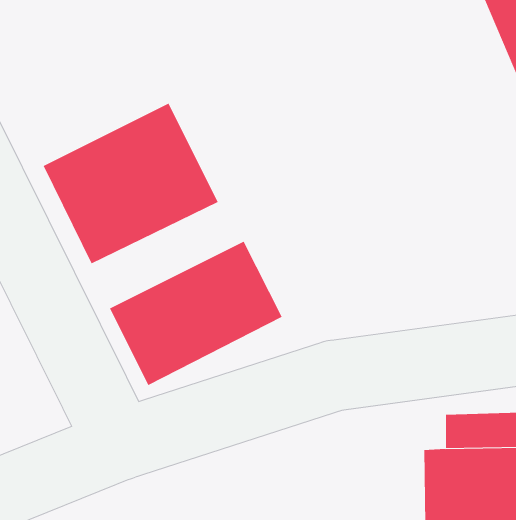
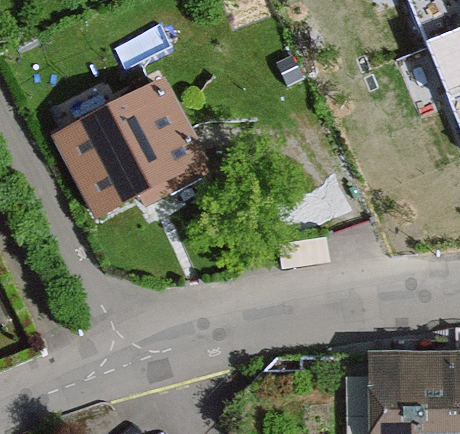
building: [109,241,283,386] -> none

